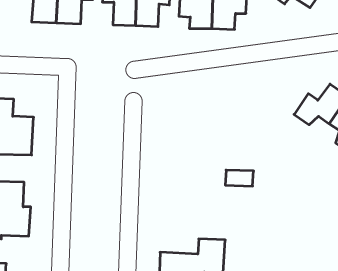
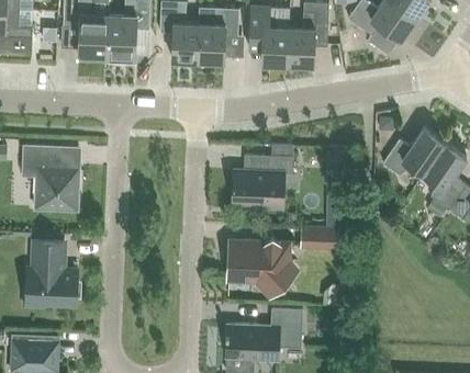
building: none -> [232,154,292,212]
building: none -> [228,237,294,297]

